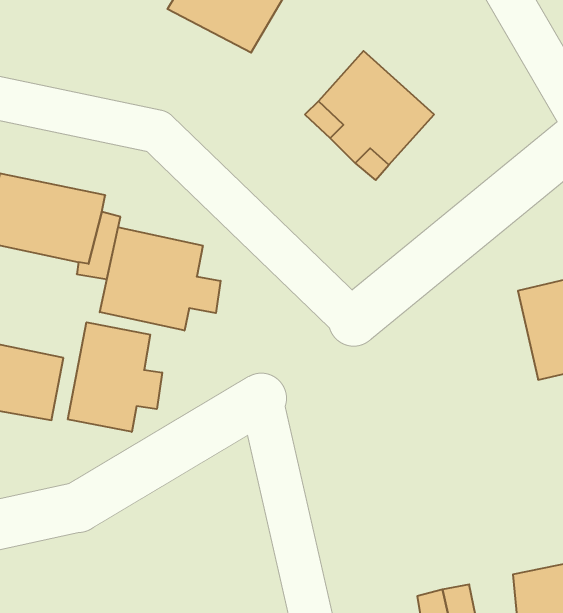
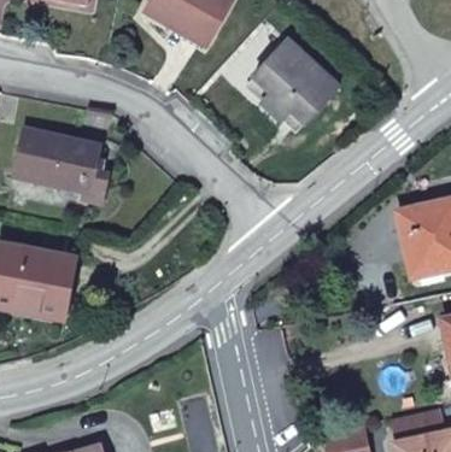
building: [100,227,221,331] -> none
building: [68,322,162,432] -> none

